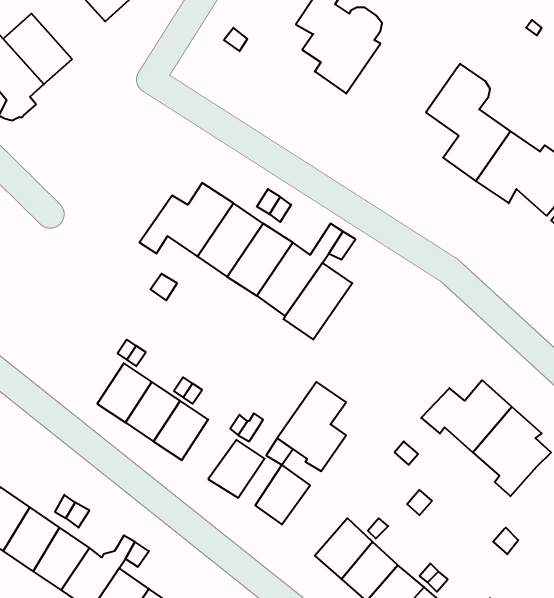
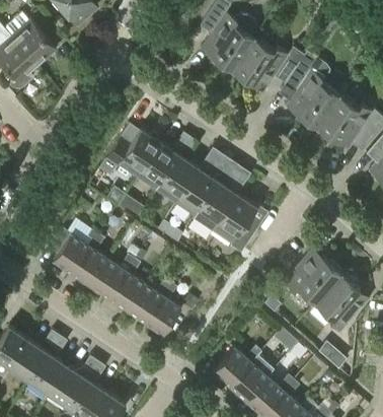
building: none -> [233,40,304,85]
building: none -> [54,234,89,273]
building: [277,382,346,471] -> [212,195,256,253]
building: [255,465,310,524] -> [127,283,162,322]

